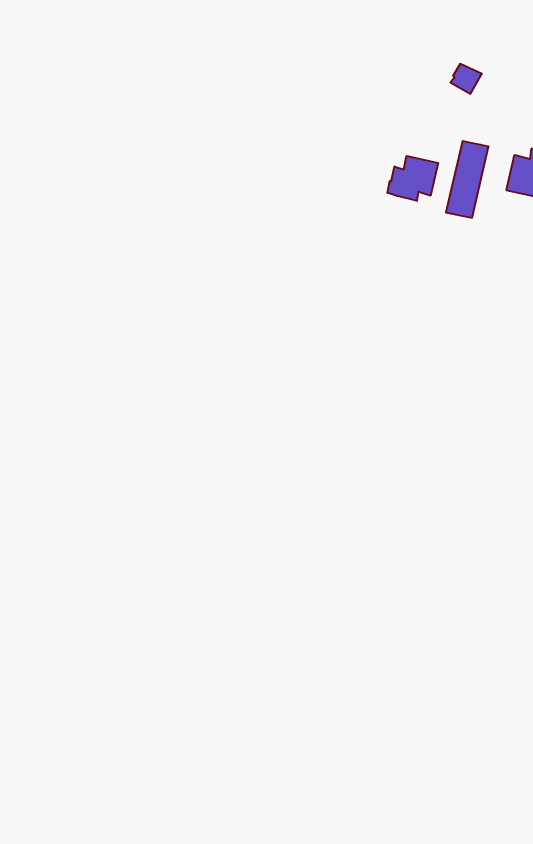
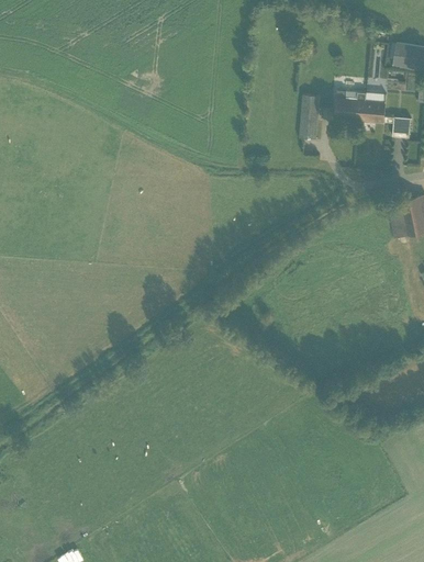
building: [387,156,438,201] -> none

